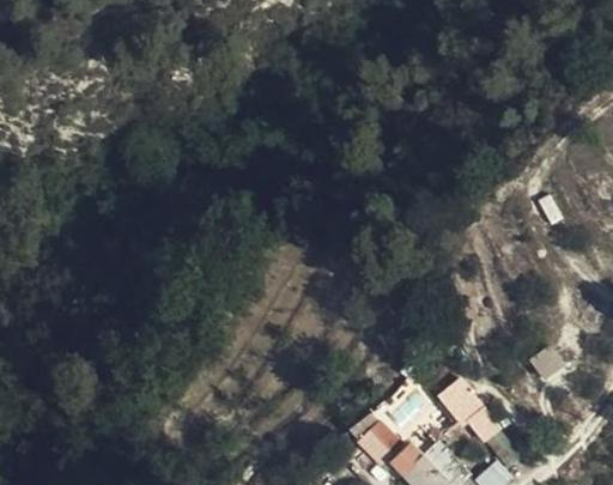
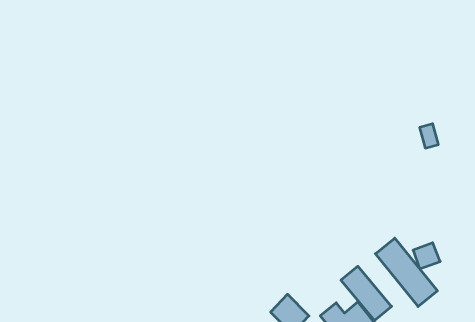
building: none -> [375,238,437,307]

